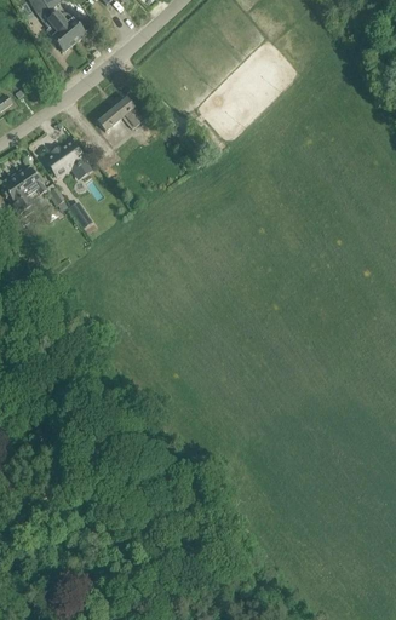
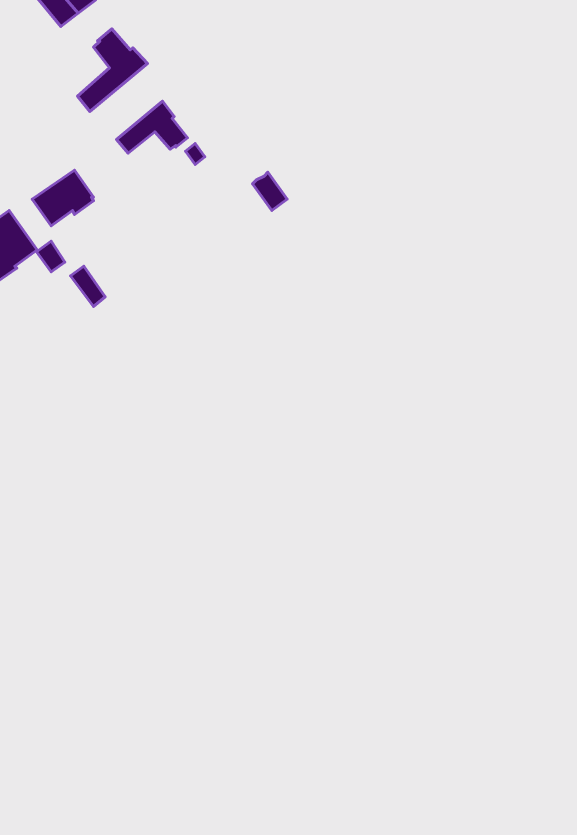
building: none -> [77,29,148,112]

